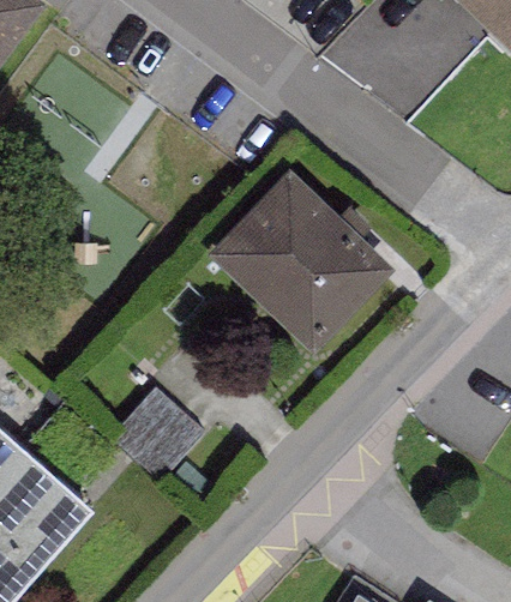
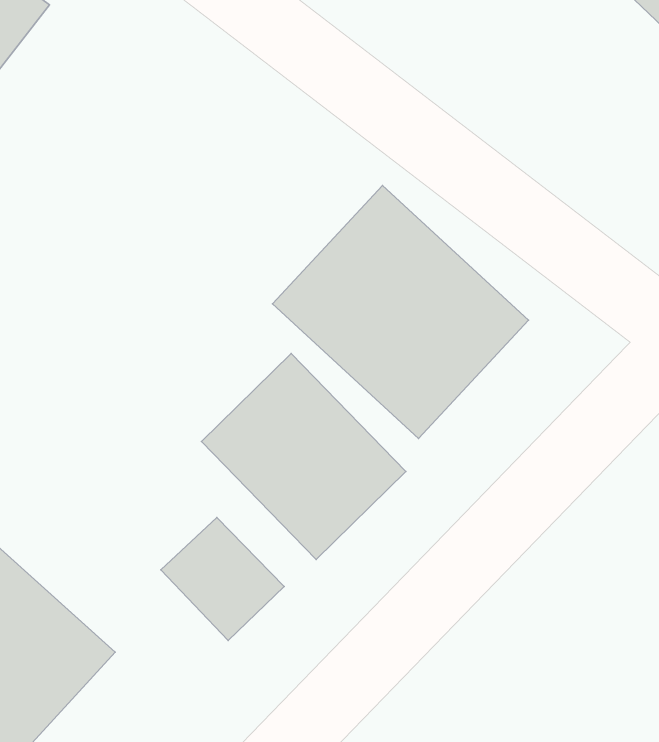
building: none -> [202,353,406,559]

